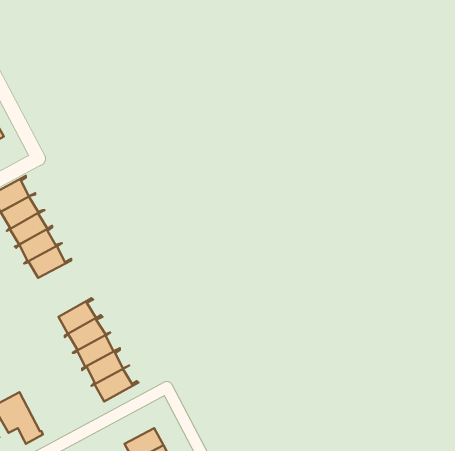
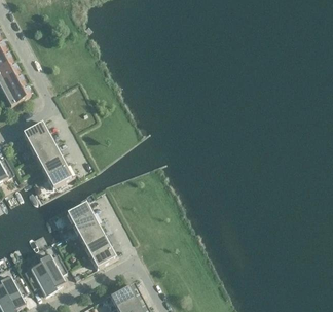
building: none -> [39,252,67,287]

